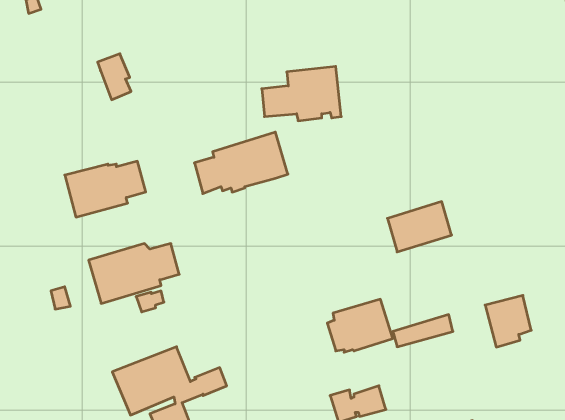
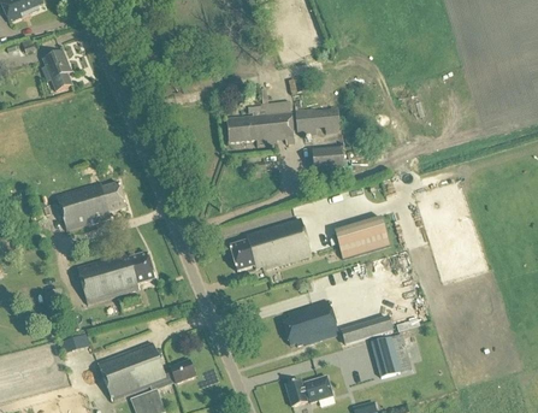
building: [98,54,131,100] -> [43,51,72,90]
building: none -> [294,107,341,134]
building: none -> [315,147,347,173]
building: [194,132,288,194] -> [231,218,312,271]
building: [485,295,531,347] -> [371,332,410,377]

